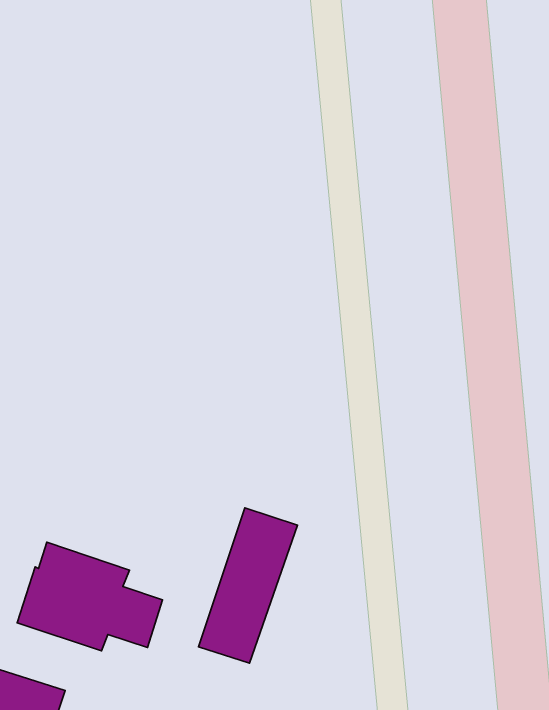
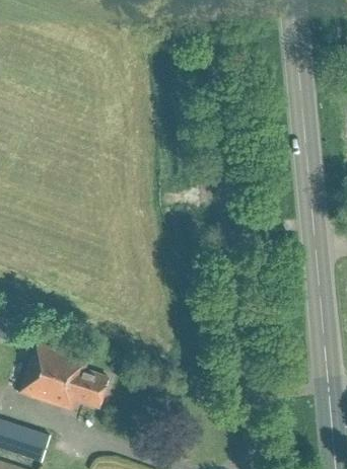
building: [198,508,297,663] -> none

